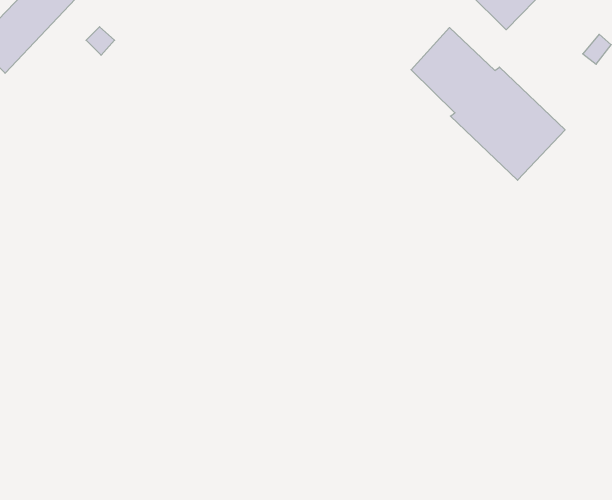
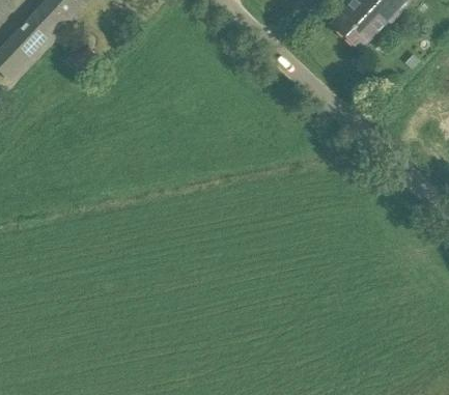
building: [411,28,565,180] -> none

